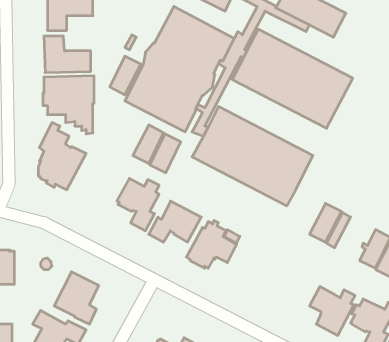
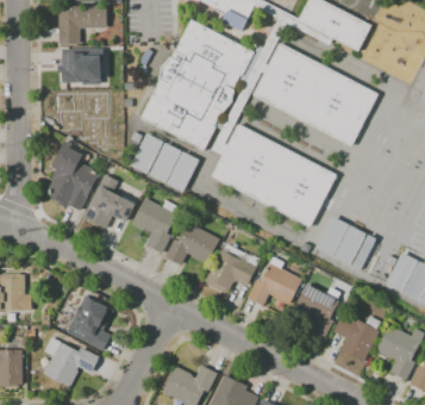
building: [110,56,141,95] -> [131,133,163,174]
building: none -> [83,175,136,229]
building: none -> [317,217,349,257]
building: none -> [246,257,302,306]
building: none -> [294,284,340,341]

